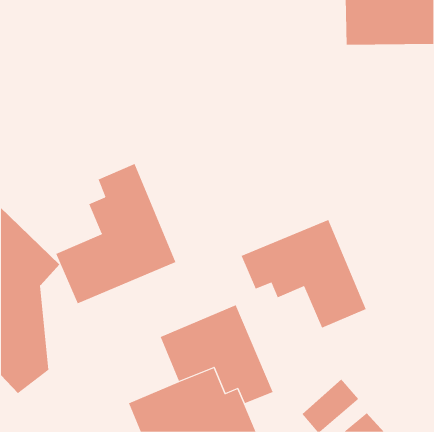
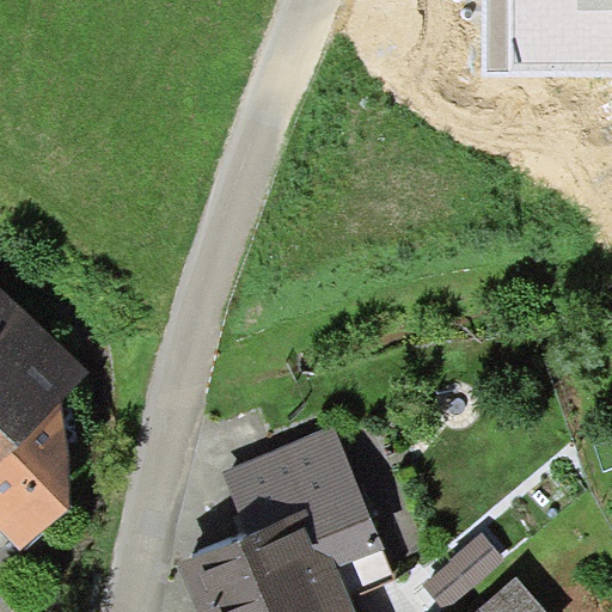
building: [56,163,176,304] -> none
building: [241,219,366,329] -> none

